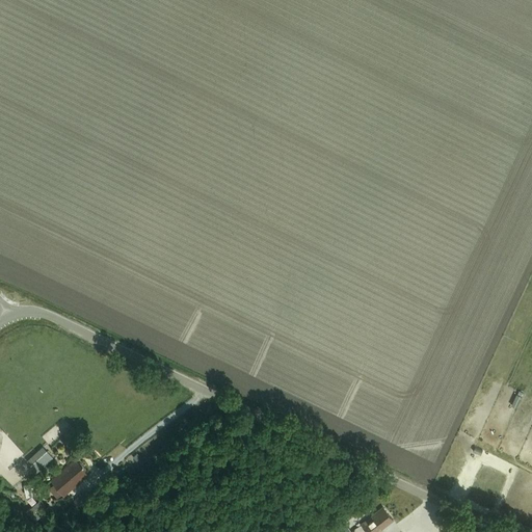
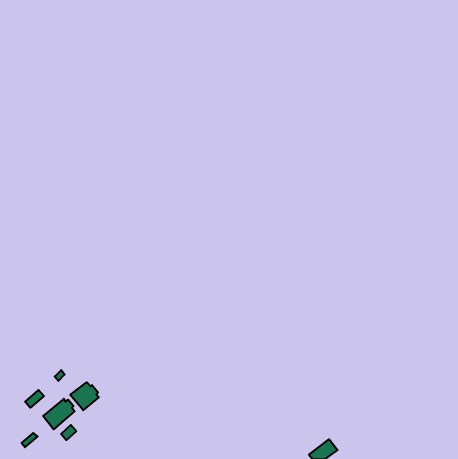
building: none -> [70,382,99,410]

